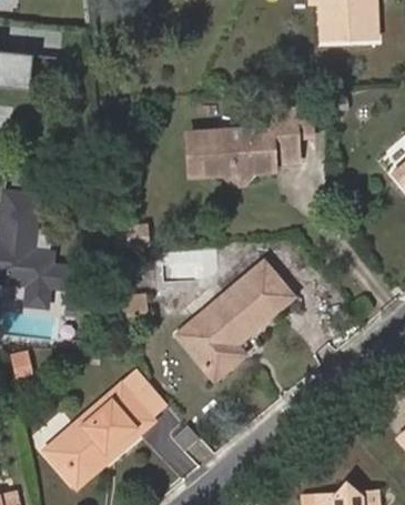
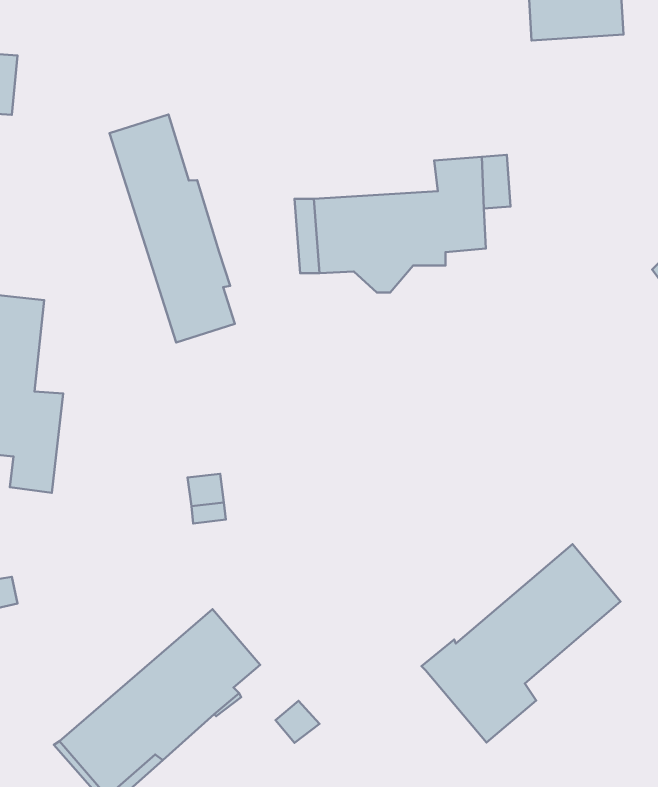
building: none -> [110,114,235,342]
building: [176,263,292,378] -> [422,544,620,743]

